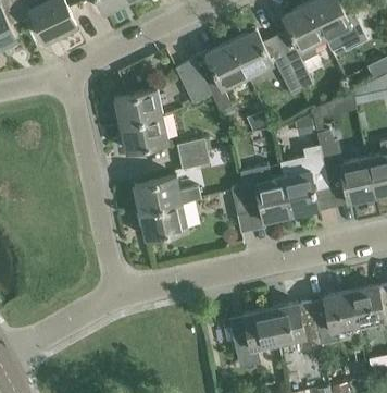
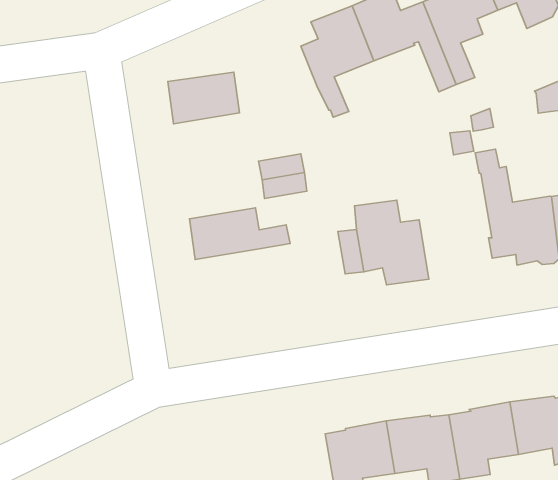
building: [175,59,211,103] -> none
building: [120,115,168,151] -> none
building: [279,145,330,216] -> none
building: [139,202,188,238] -> none

